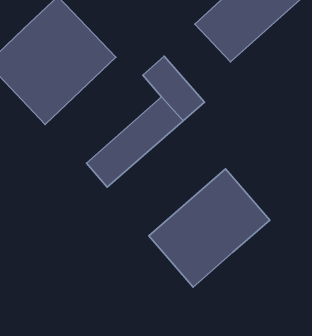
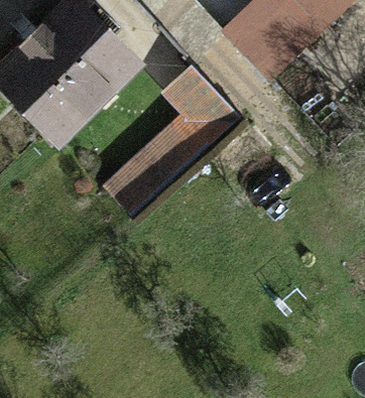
building: [149,169,270,287] -> none

